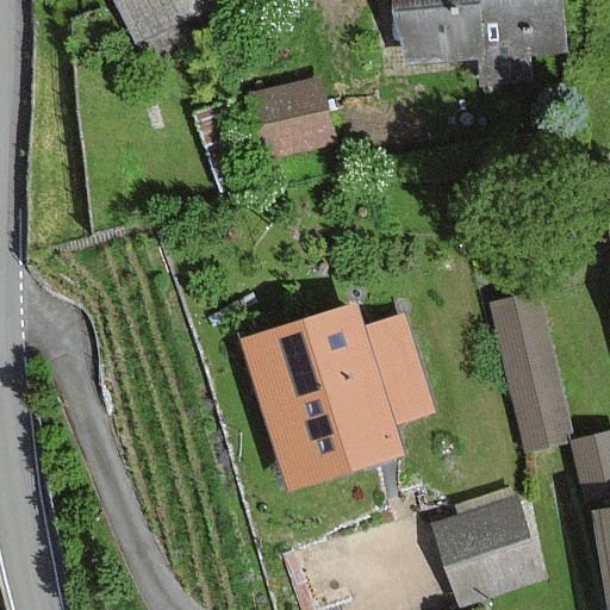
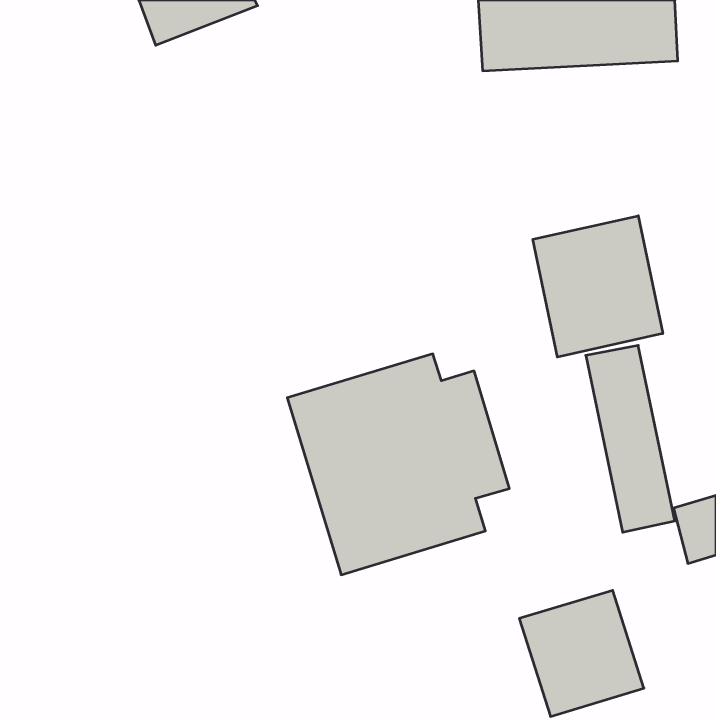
building: [250,81,332,158] -> none
building: none -> [533,216,663,357]

